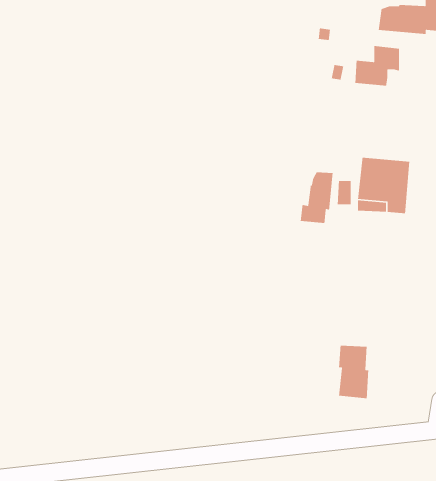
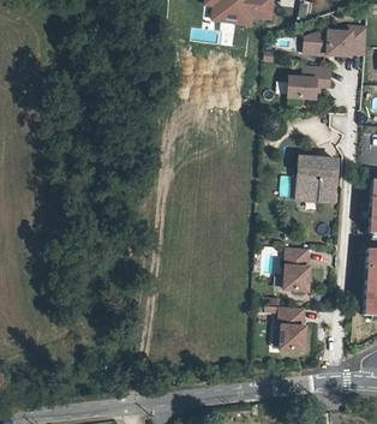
building: [300,172,333,224] -> none
building: none -> [285,250,310,293]

